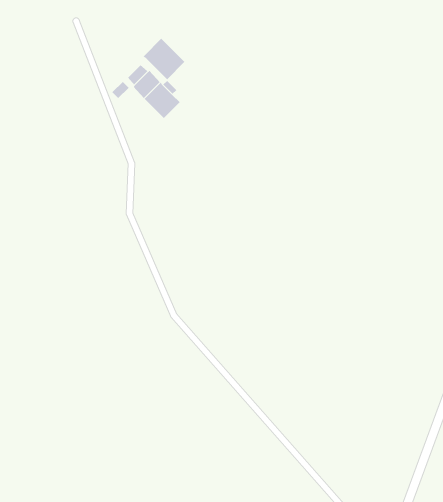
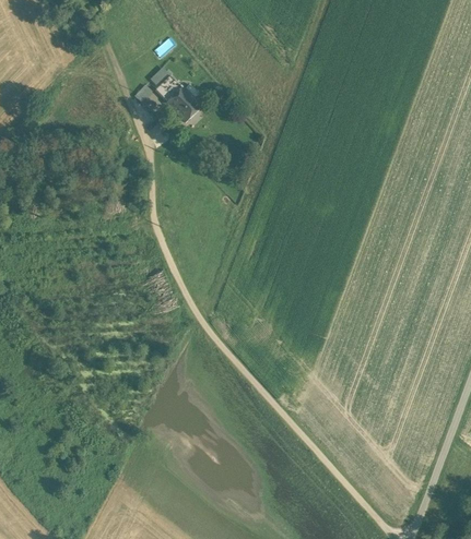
building: [143,38,185,80] -> none

